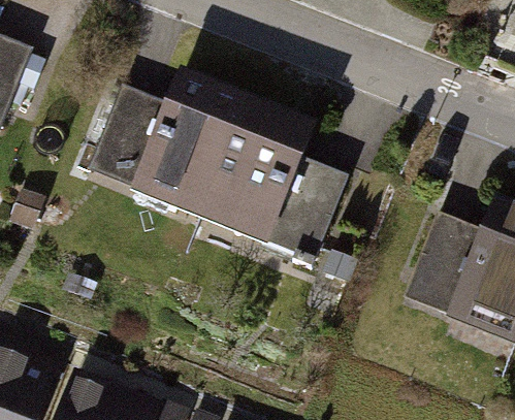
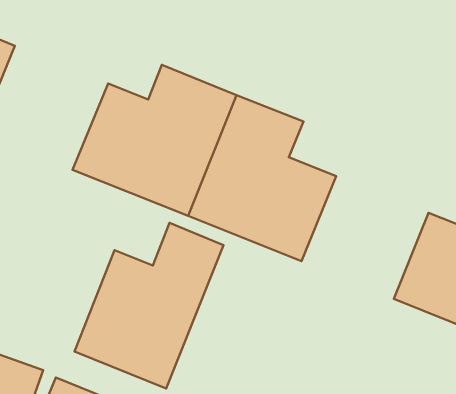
building: none -> [74,223,223,388]

